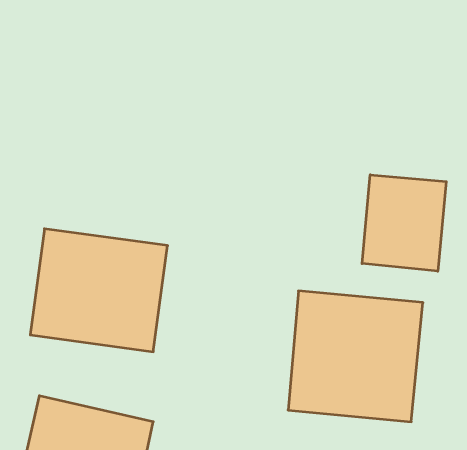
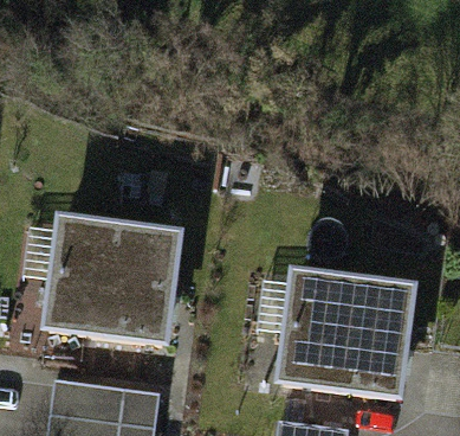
building: [362,175,446,271] -> none

